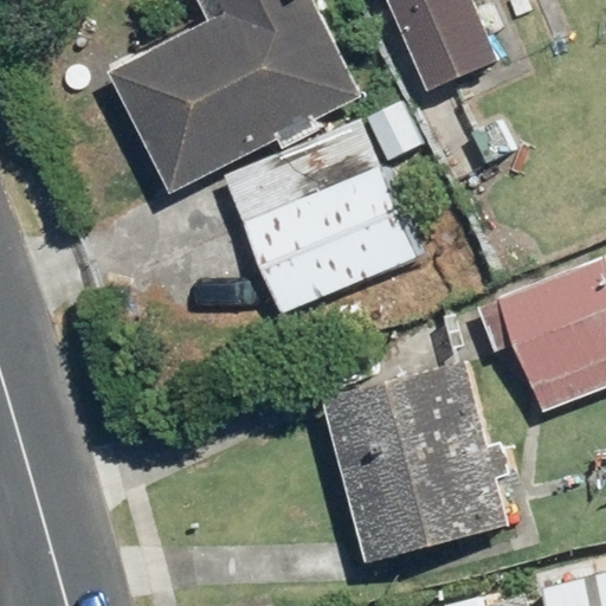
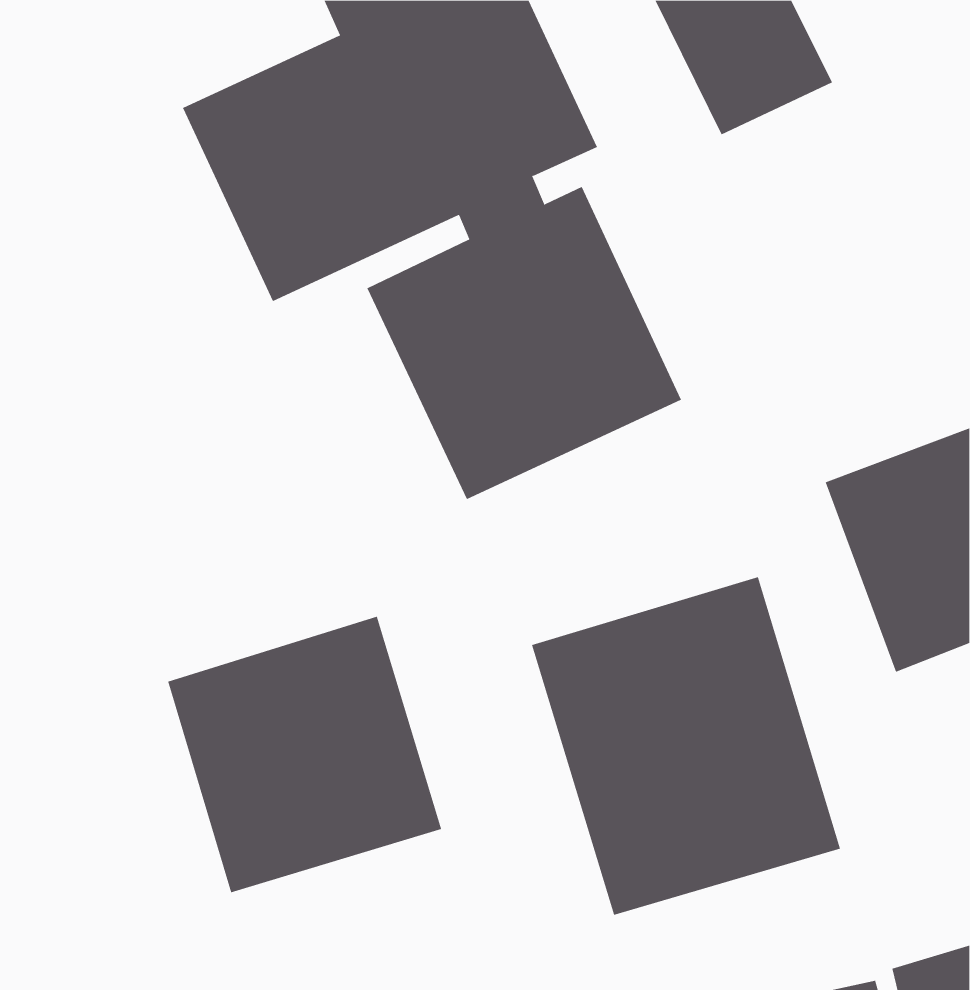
building: none -> [167,616,442,893]

